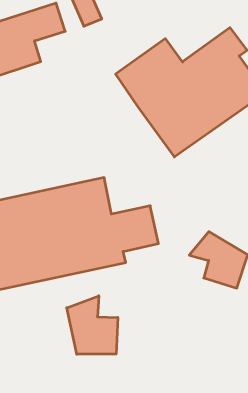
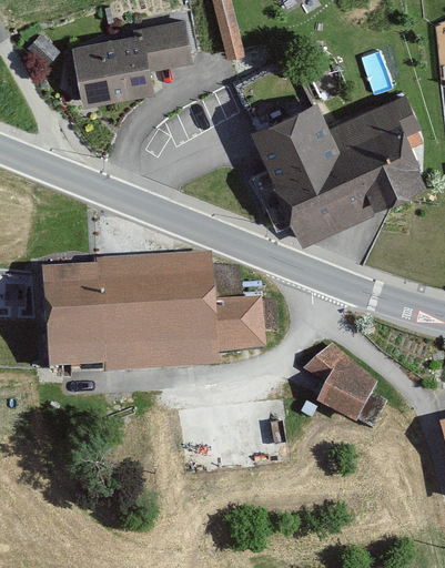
building: [67,296,118,354] -> none

